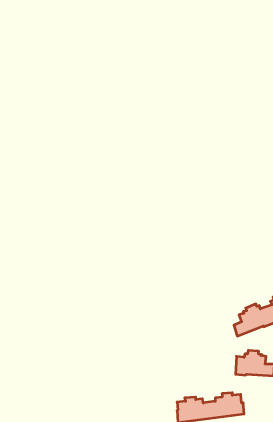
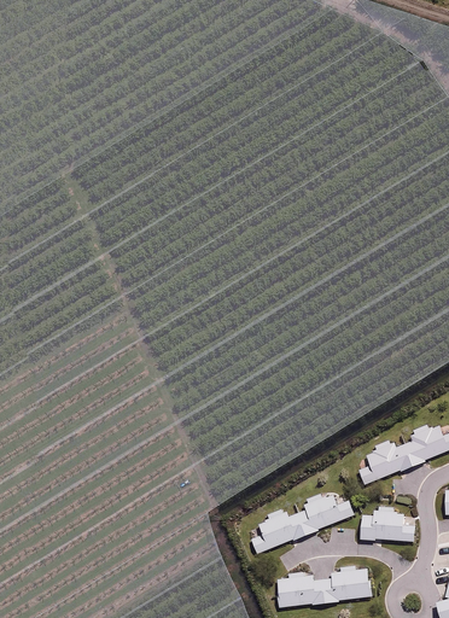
building: none -> [250,494,354,554]

